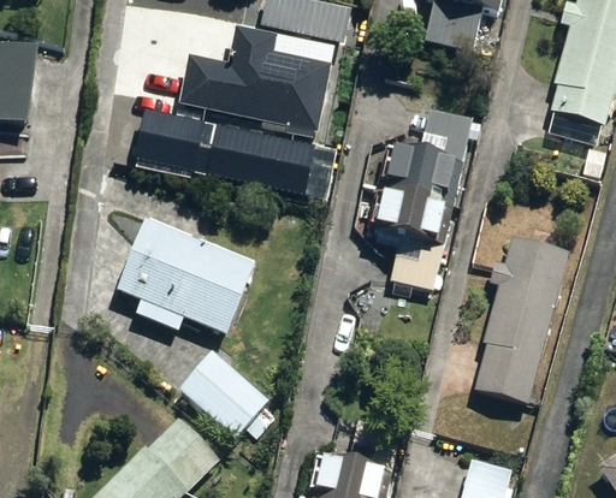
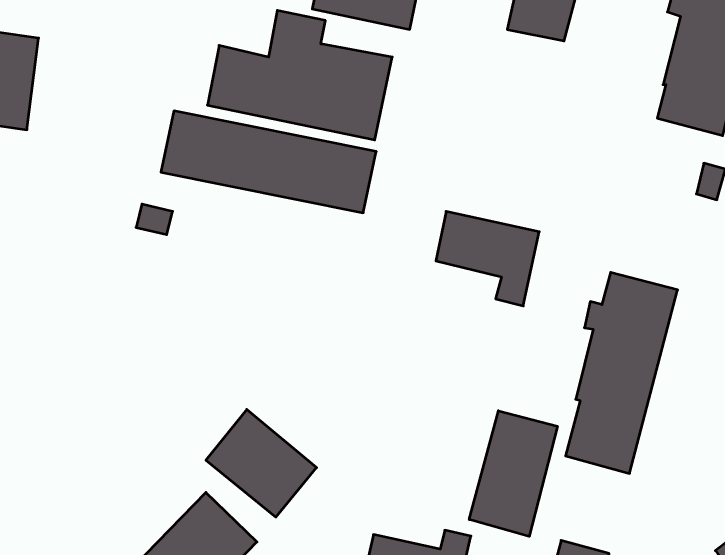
building: [375,140,467,203] -> none
building: [117,220,251,333] -> none
building: none -> [469,411,557,536]

